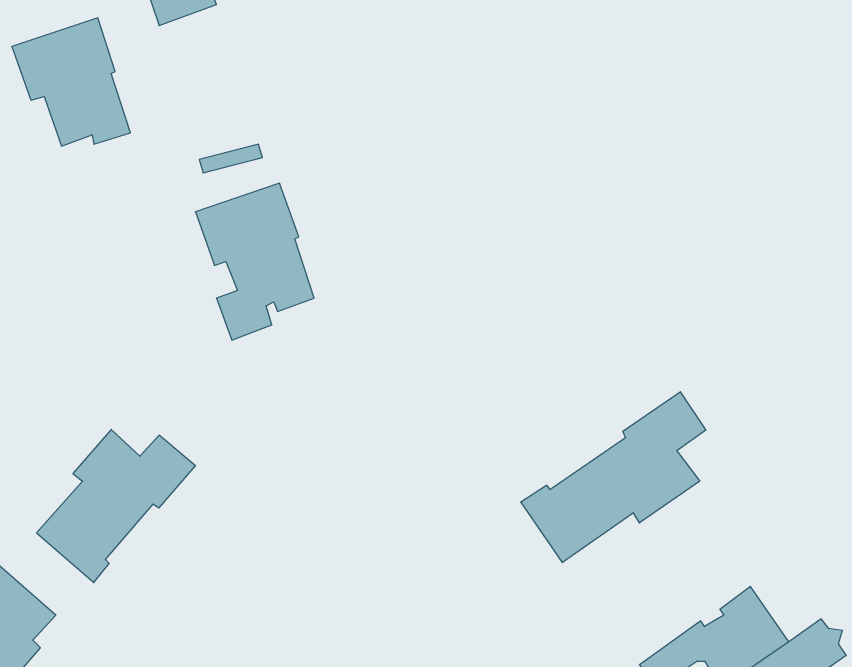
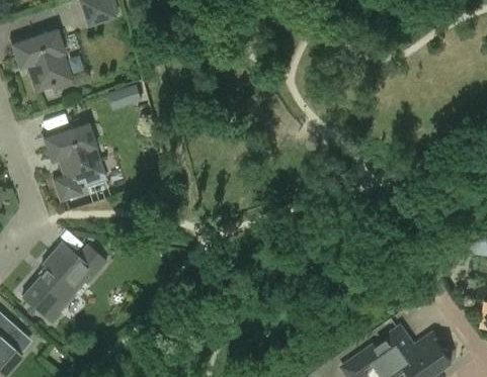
building: [195,183,314,340] -> [42,119,104,202]
building: [521,392,706,563] -> none

